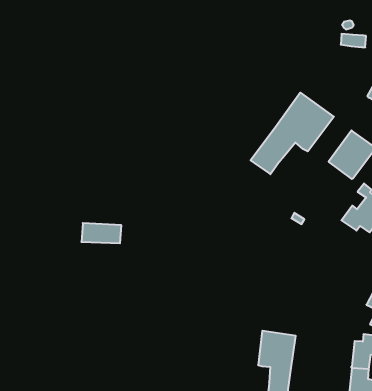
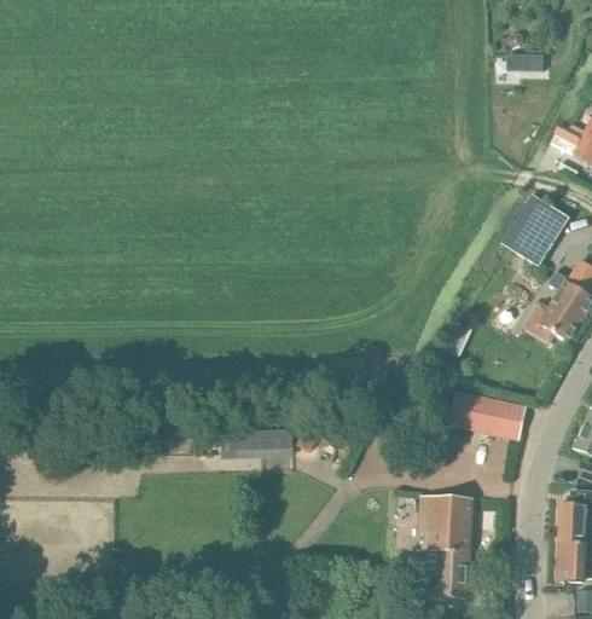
building: [251,93,334,174] -> none
building: [81,223,121,243] -> [236,429,292,458]
building: none -> [452,393,524,435]

